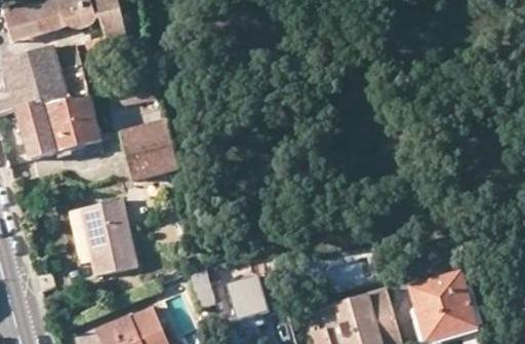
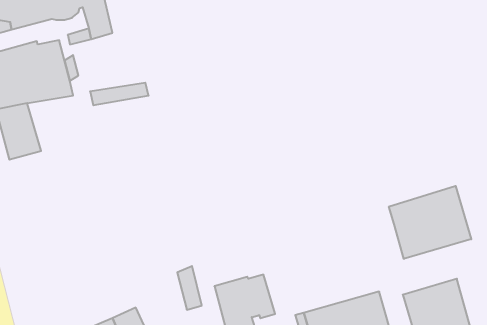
building: [45,99,100,152] -> none
building: [120,122,180,182] -> none
building: none -> [389,186,471,259]
building: [78,197,134,273] -> none

